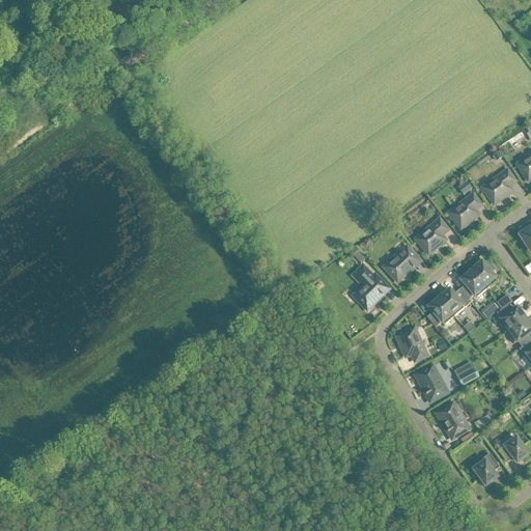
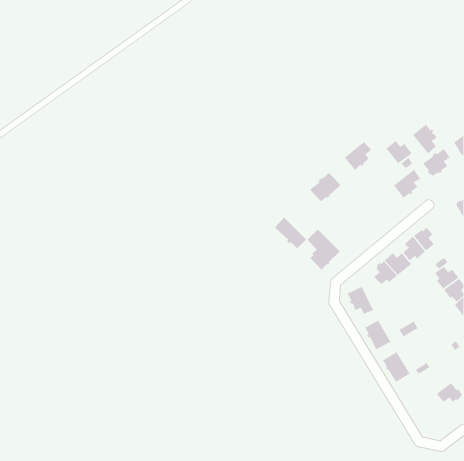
building: none -> [412,124,438,154]
building: none -> [385,140,412,164]
building: [416,219,448,253] -> [344,141,372,171]
building: [384,246,420,280] -> [309,172,341,202]
building: none -> [274,217,307,249]
building: [474,452,500,485] -> none

